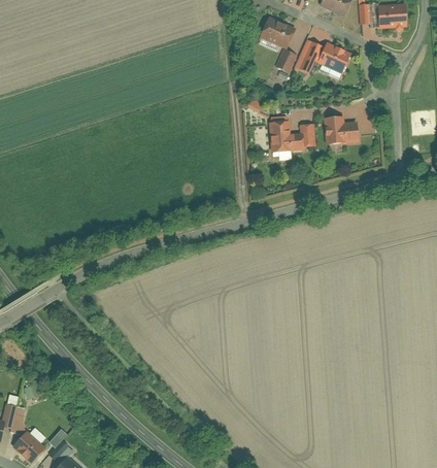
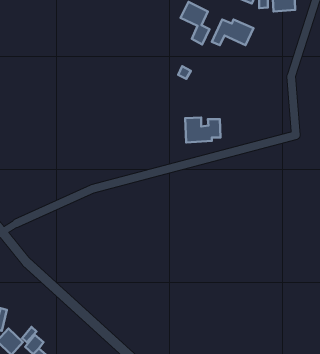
building: [322,118,361,151] -> none
building: [270,123,315,155] -> [185,118,221,142]

